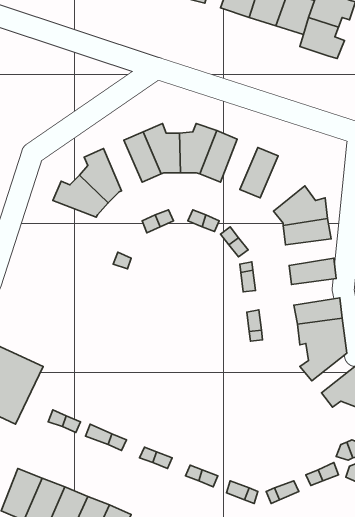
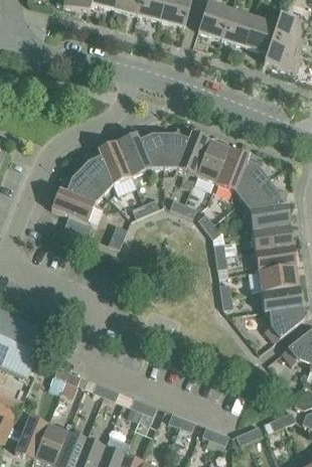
building: none -> [197,140,228,182]
building: none -> [100,141,132,183]
building: none -> [230,154,268,200]
building: none -> [51,191,94,237]
building: none -> [252,223,292,246]
building: none -> [257,257,297,279]

